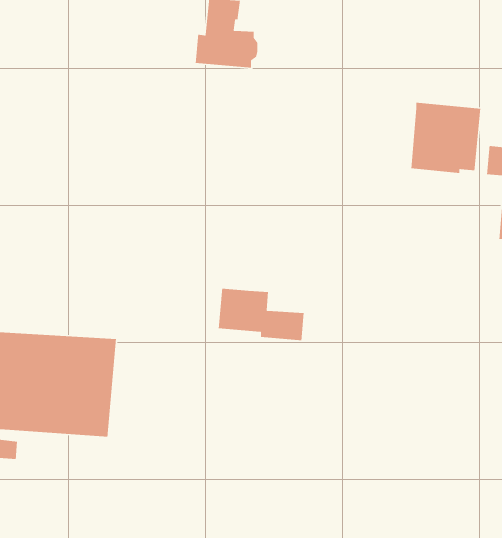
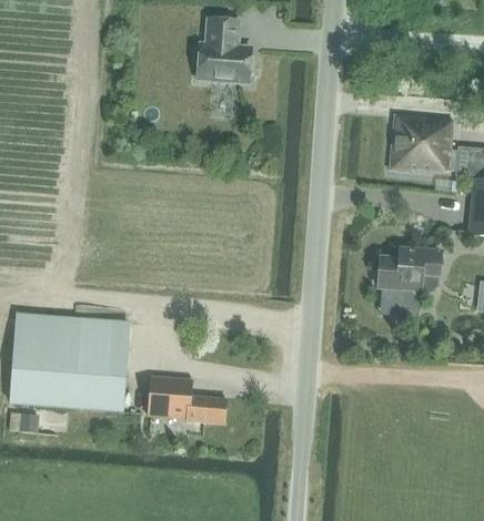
building: none -> [375,249,441,309]
building: [218,288,305,341] -> [147,375,224,422]

